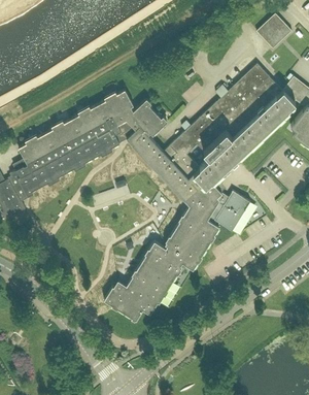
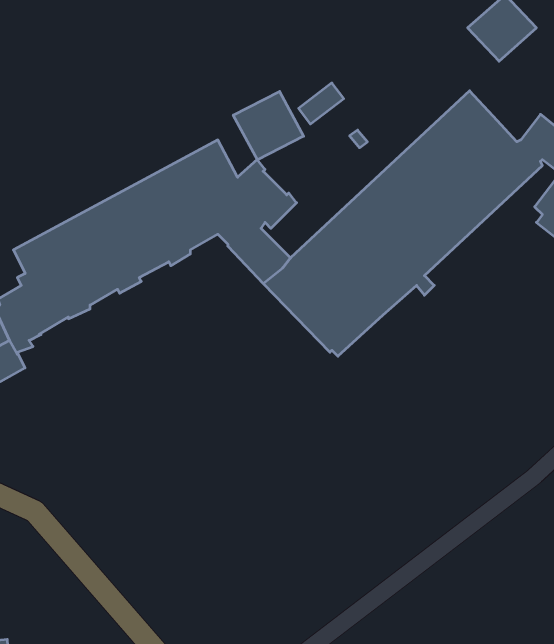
building: none -> [233,91,304,160]
building: [104,182,250,320] -> none

